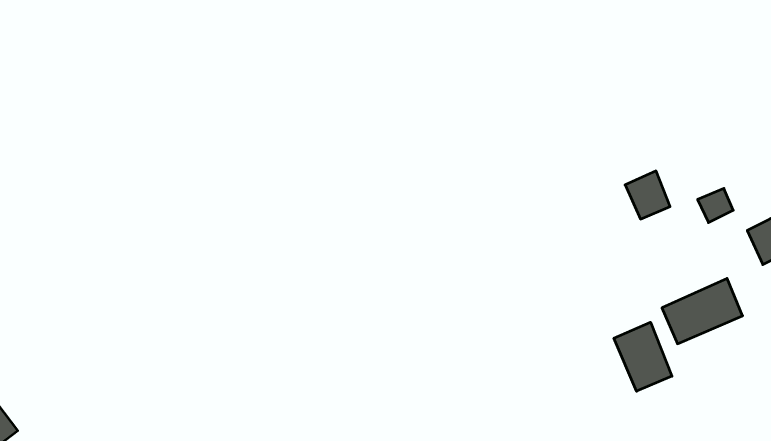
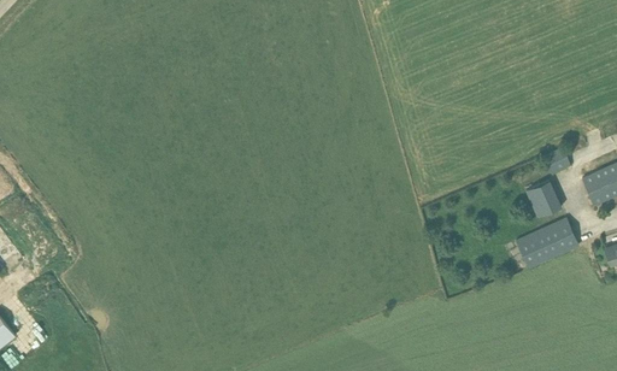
building: [625,171,670,219] -> [525,179,560,217]
building: [614,322,672,391] -> none

